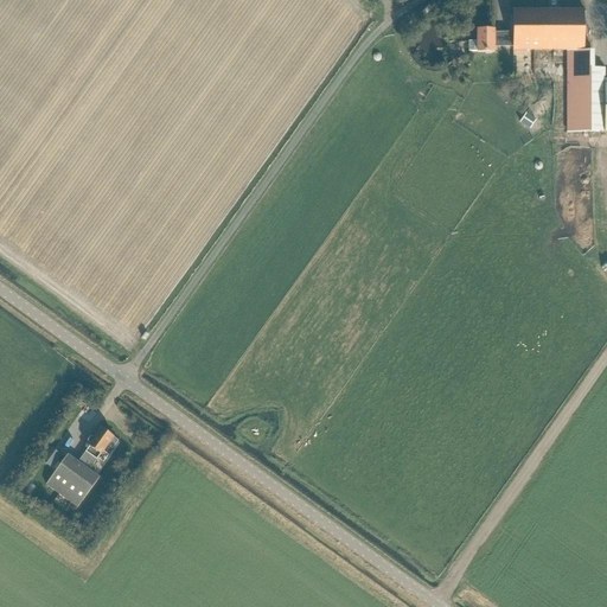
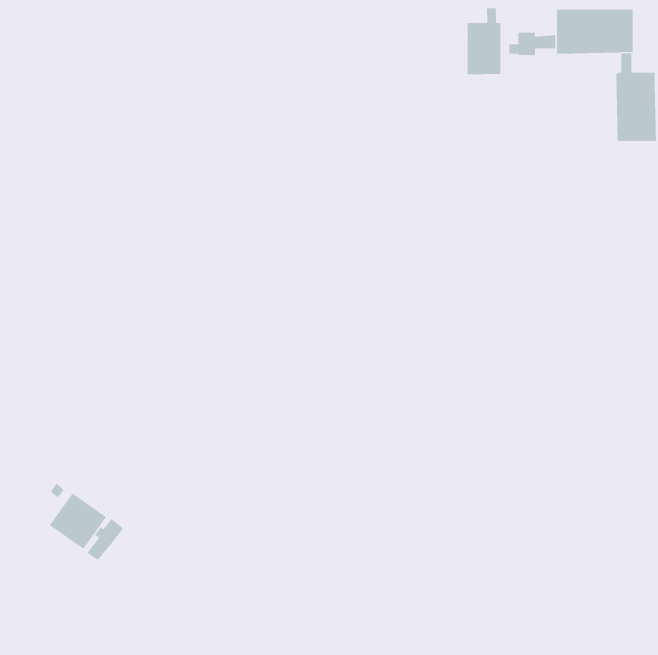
building: none -> [467,7,501,75]
building: [78,427,113,466] -> [87,518,124,561]

